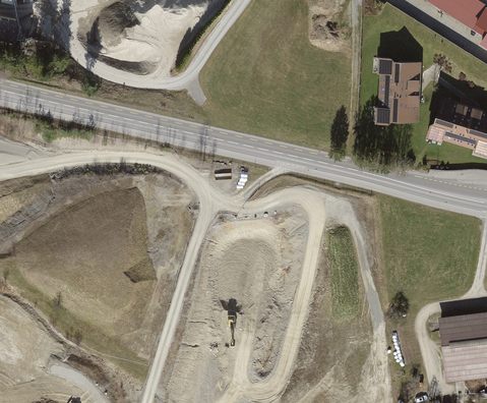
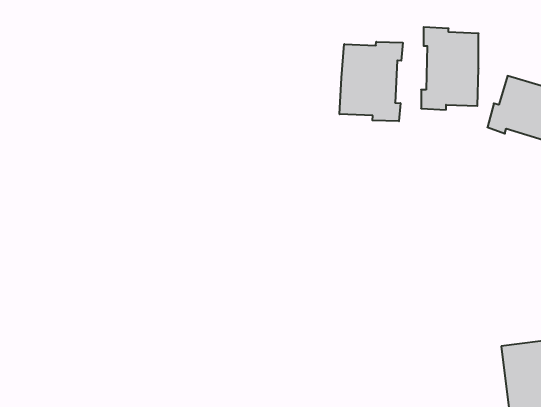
building: none -> [340,42,403,121]

